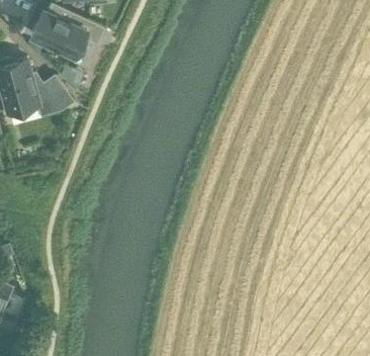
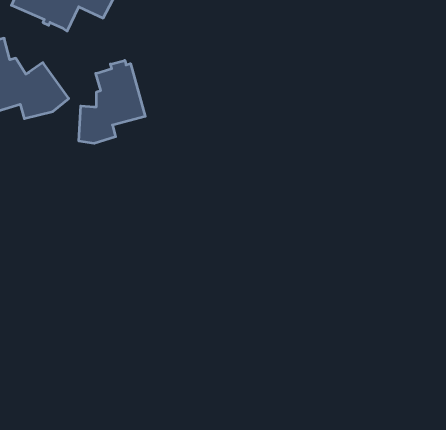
building: none -> [79,60,145,143]

